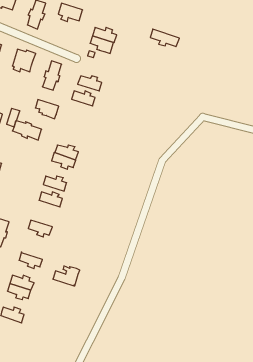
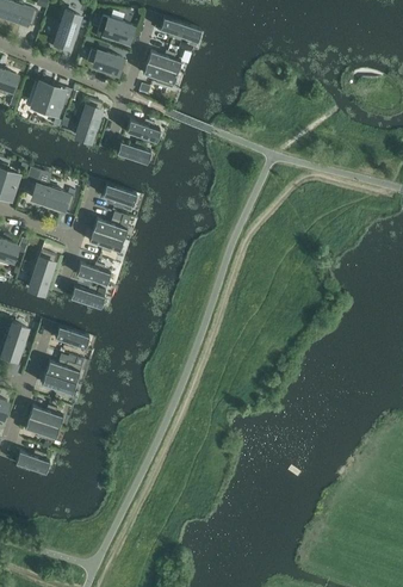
building: none -> [87,45,122,74]
building: [150,29,179,47] -> [160,18,202,43]
building: [35,100,59,119] -> [103,185,136,212]
building: none -> [29,252,56,294]
building: [53,266,80,286] -> [45,354,83,383]

